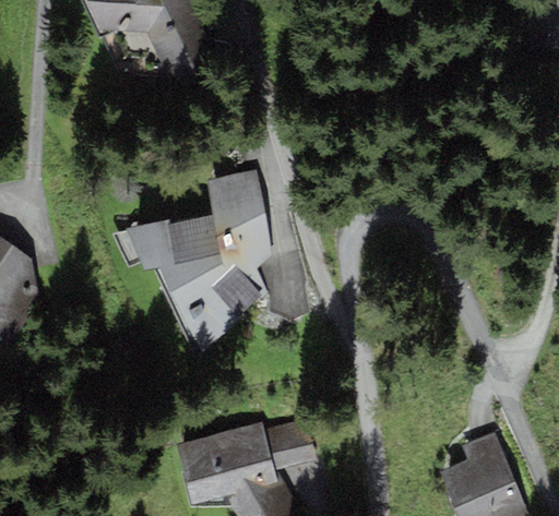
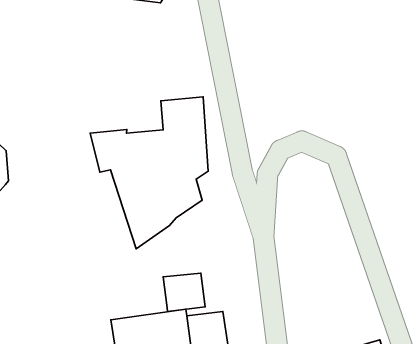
building: none -> [163,273,205,311]

